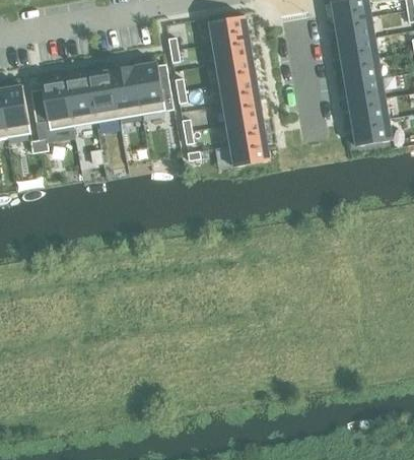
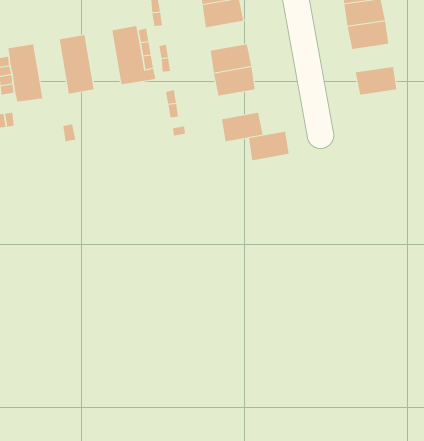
building: [216,58,254,84] -> none
building: [110,66,141,119] -> none
building: [64,74,94,127] -> none
building: [346,78,384,104] -> none
building: [227,119,264,145] -> [248,131,289,161]
building: [353,119,390,145] -> none

